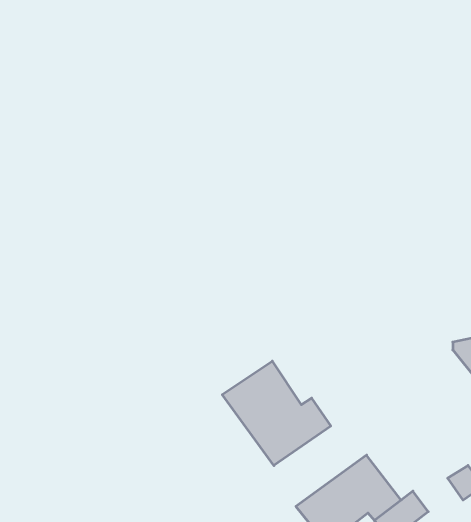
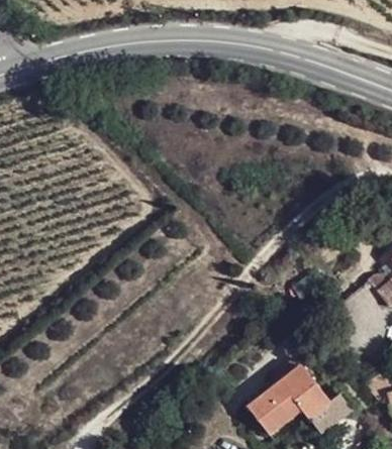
building: [222,361,331,466] -> none

